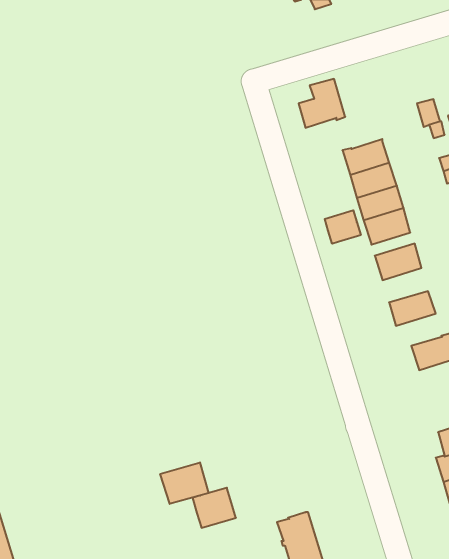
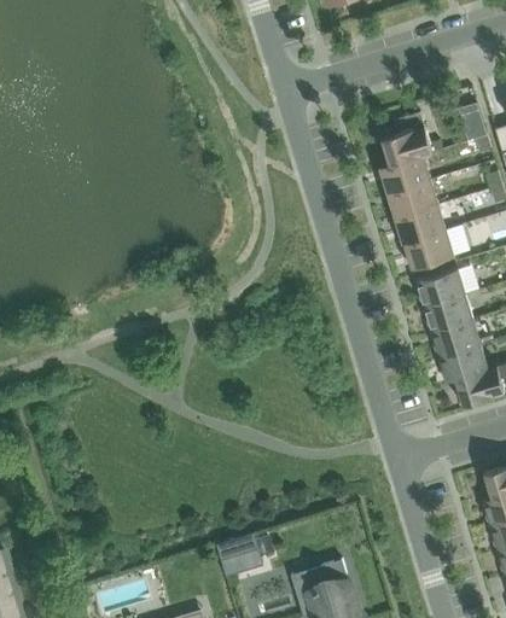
building: [299,79,345,128] -> [383,112,434,165]
building: [325,210,361,244] -> none
building: none -> [424,295,473,332]
building: none -> [438,344,489,384]
building: [160,462,209,504] -> none

